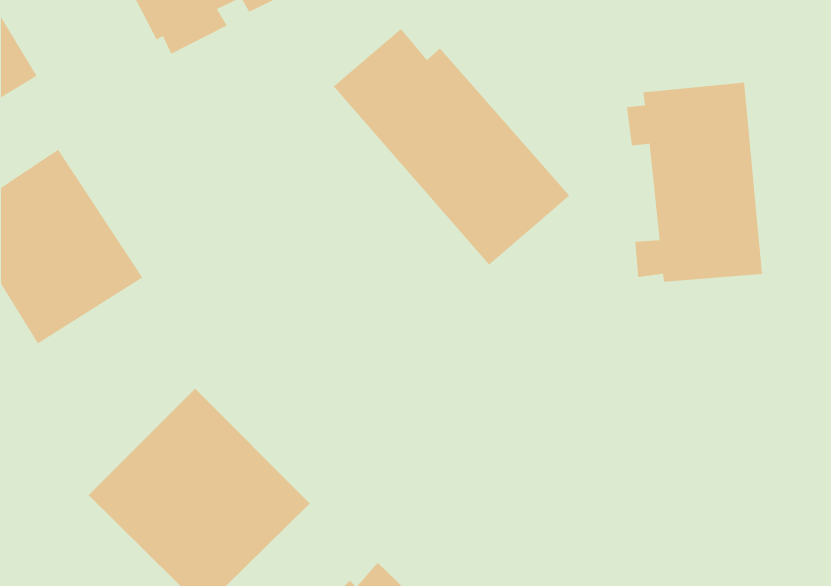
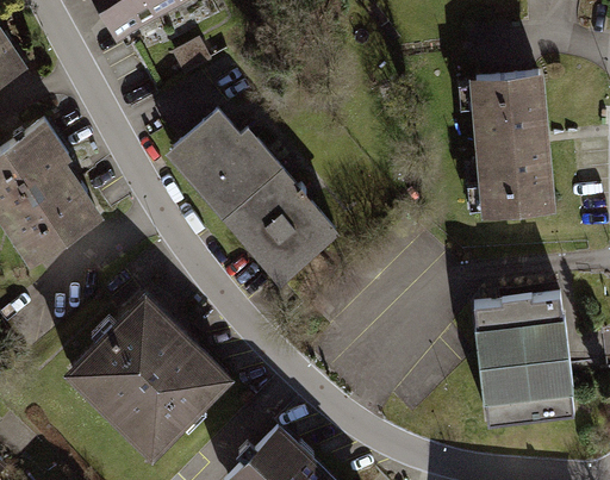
building: [333,28,570,265] -> [164,112,338,286]
building: none -> [477,298,577,425]

